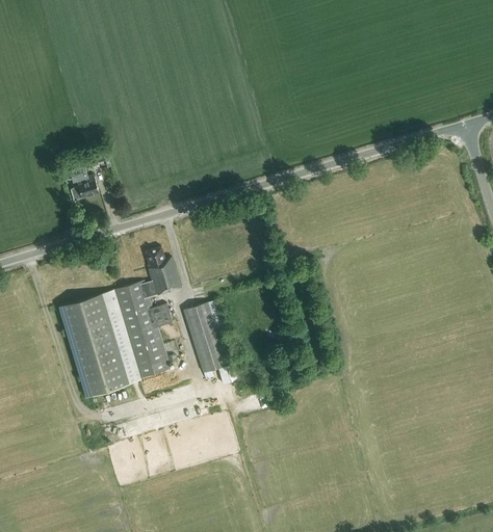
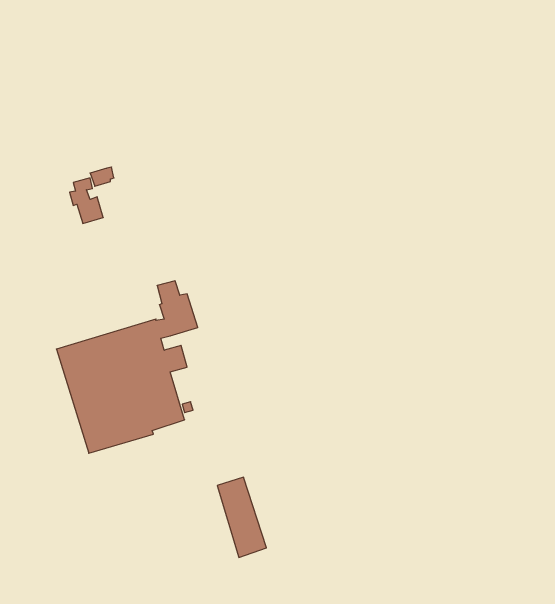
building: [184,303,227,373] -> [217,477,266,557]

